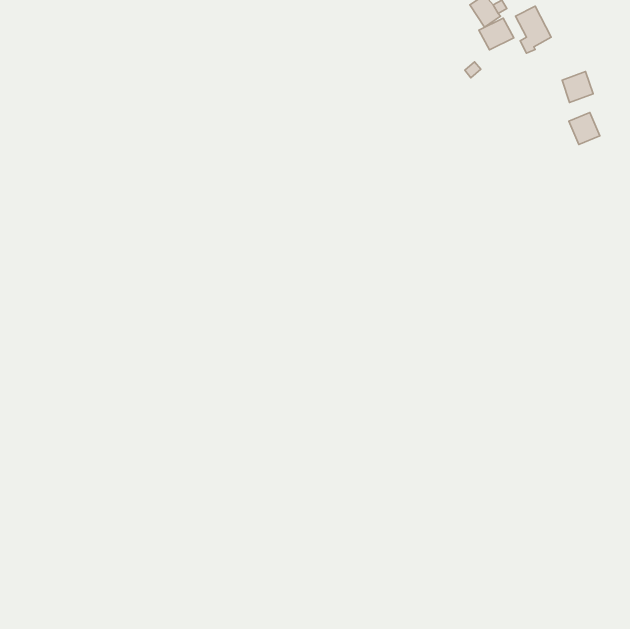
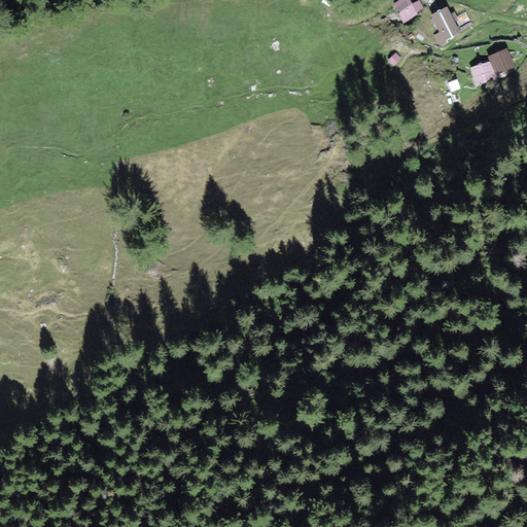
building: [479,18,514,50] -> none
building: [569,113,600,145] -> [489,47,515,74]

